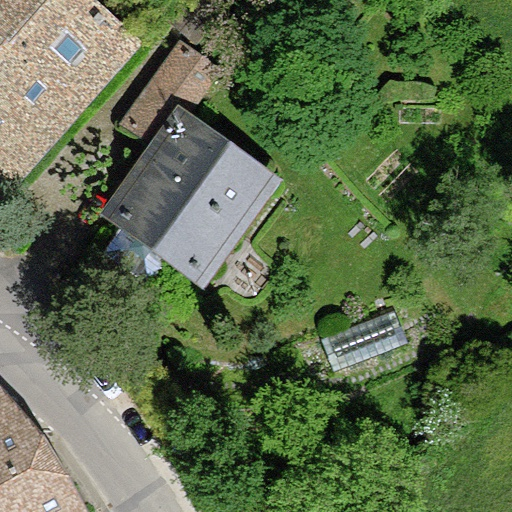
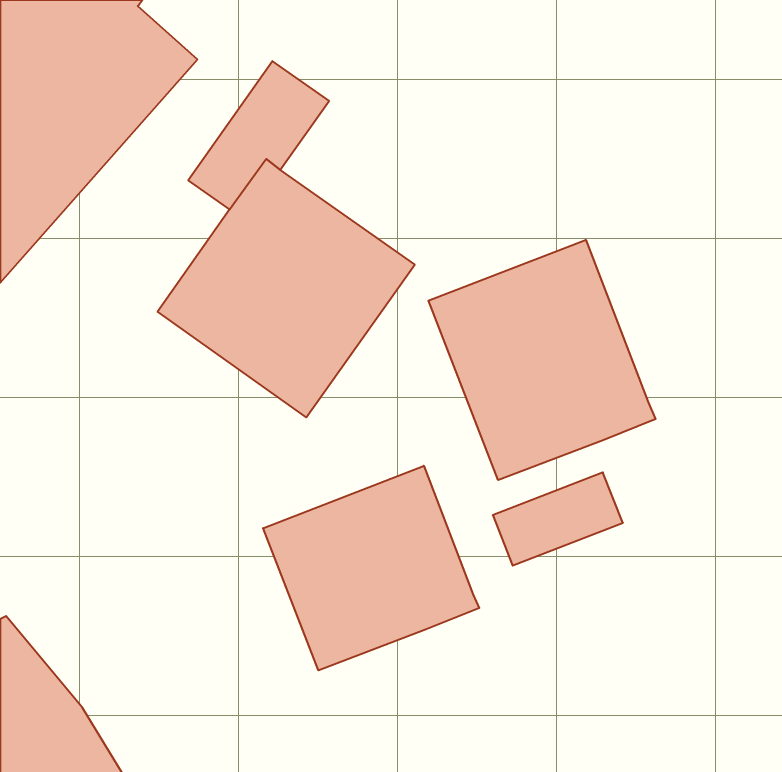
building: none -> [428,240,656,480]
building: none -> [263,466,479,670]

